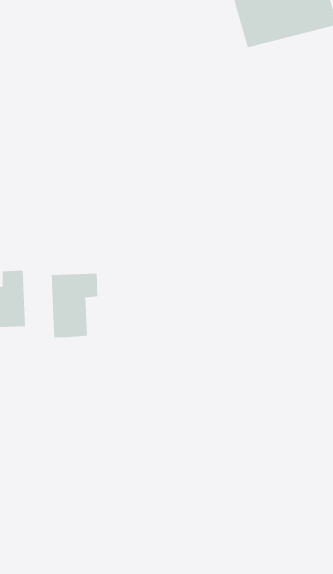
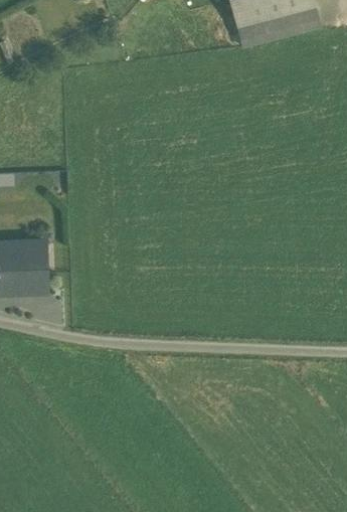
building: [51,273,98,338] -> none

